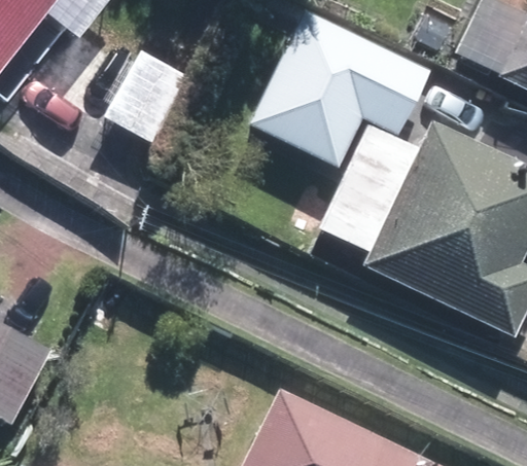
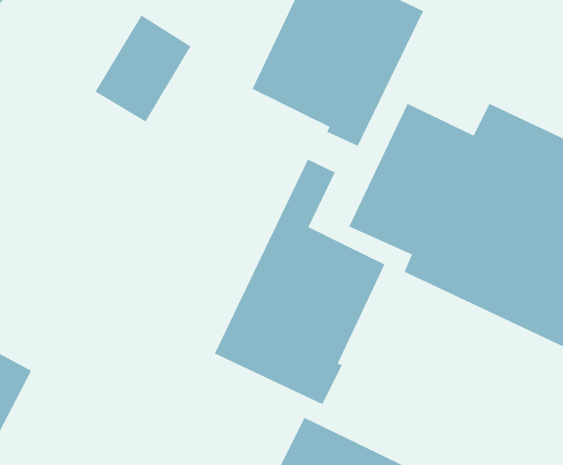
building: none -> [214,159,385,405]

